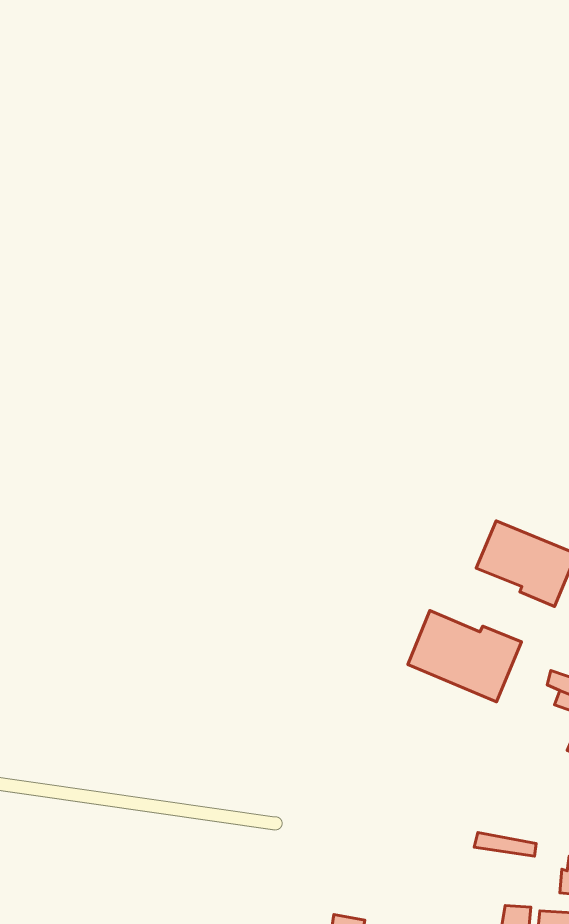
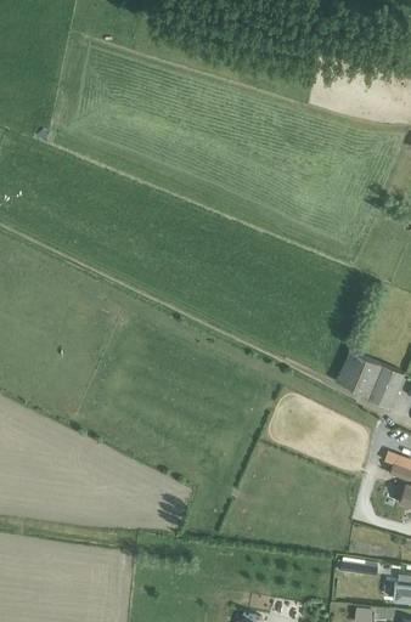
building: [408,610,521,702] -> none

